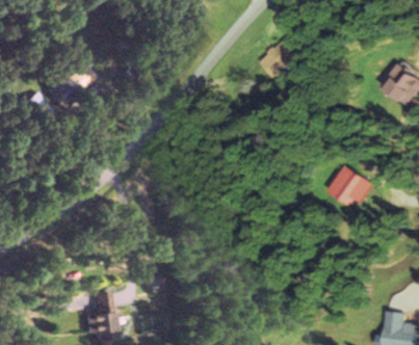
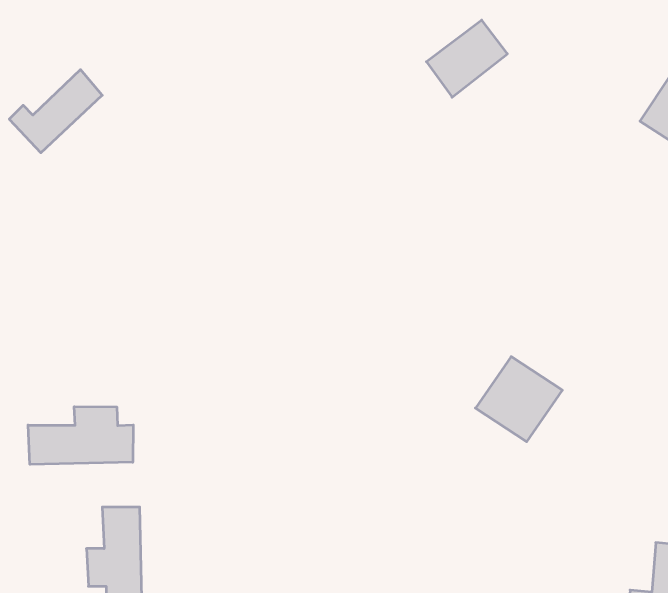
building: [326,165,372,210] -> [475,357,562,442]
building: none -> [28,407,133,464]

